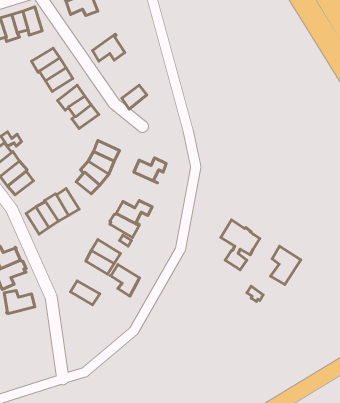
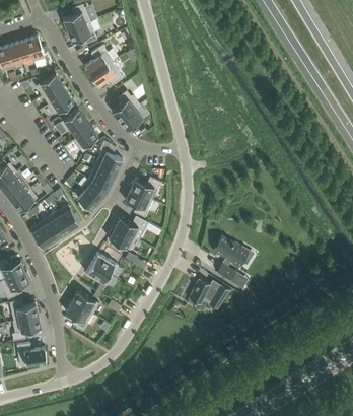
building: none -> [85,46,114,76]
building: none -> [112,90,140,121]
building: none -> [97,141,123,169]
building: none -> [126,190,153,217]
building: [270,246,301,284] -> none
building: [110,265,140,296] -> [65,301,92,331]
building: none -> [189,279,229,305]
building: none -> [12,316,42,341]
building: none -> [17,343,47,366]

